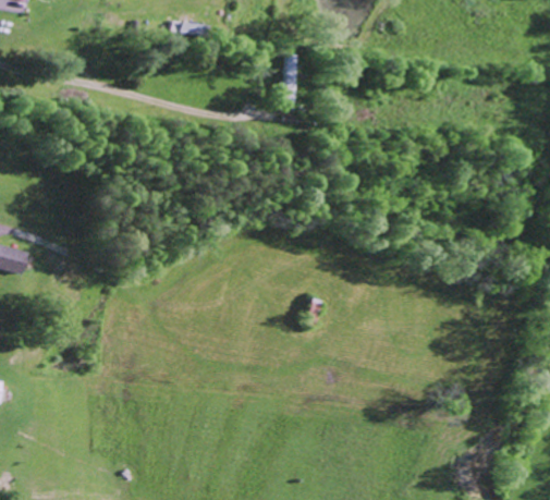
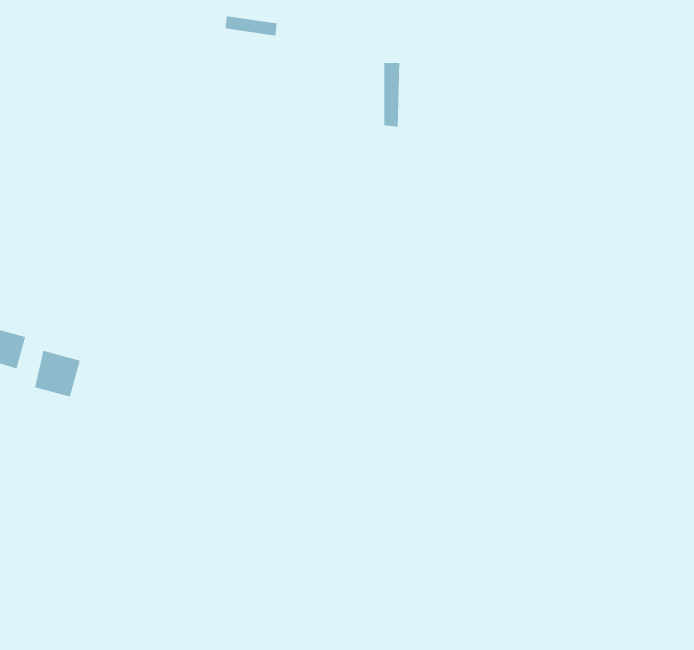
building: none -> [34,350,81,397]

